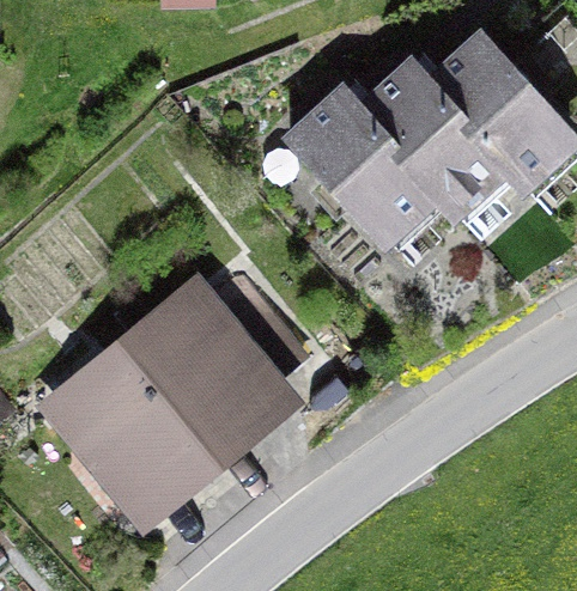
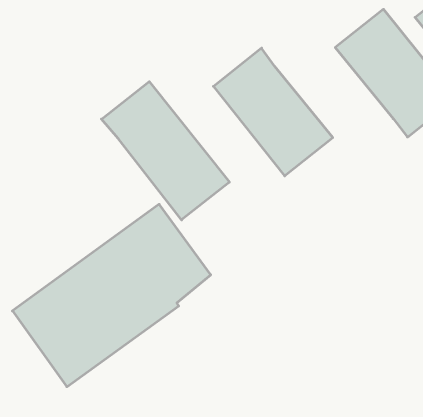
building: [342,81,482,225] -> none
building: none -> [101,82,229,220]

